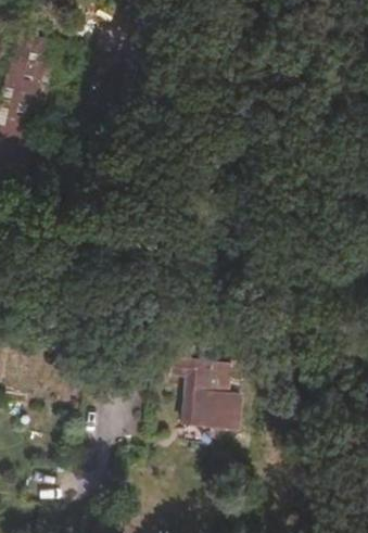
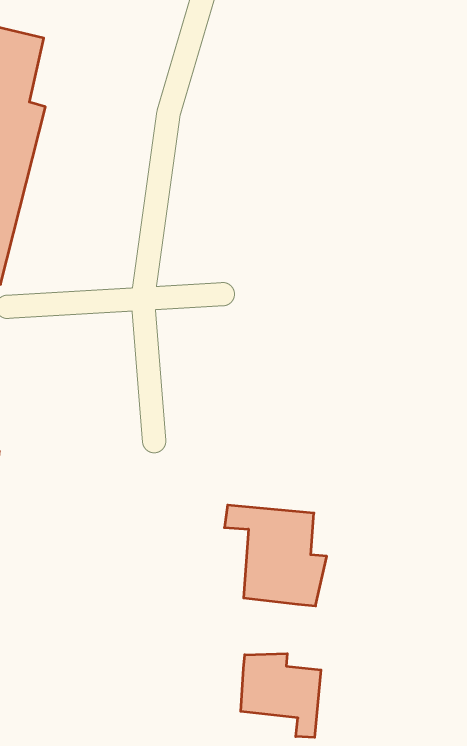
building: none -> [241,654,321,737]

